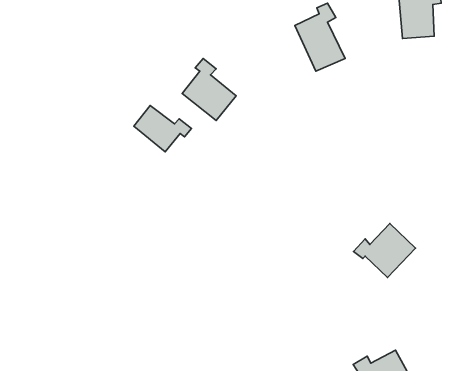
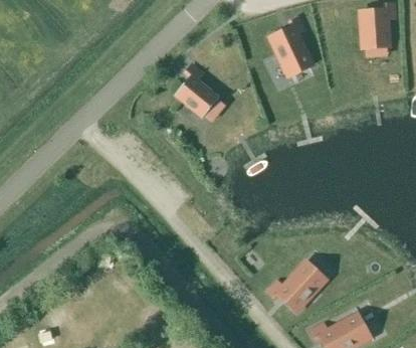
building: [134,106,191,152] -> none
building: [354,223,416,277] -> [274,266,328,312]

